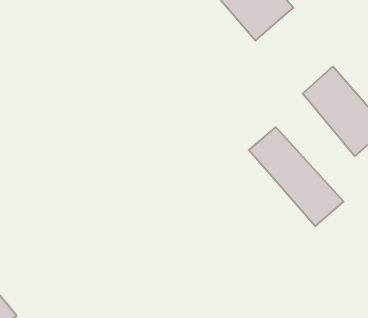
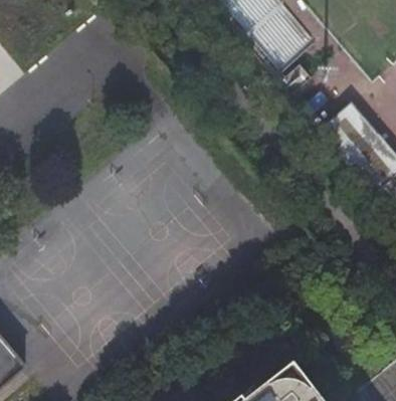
building: [249,127,343,226] -> none

